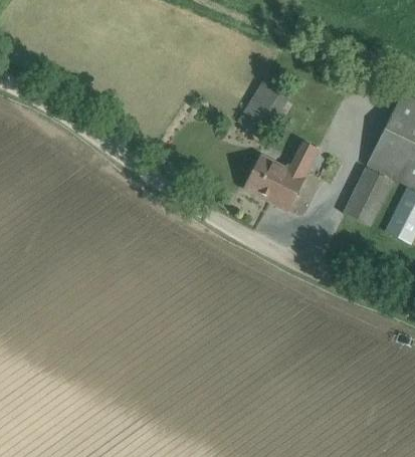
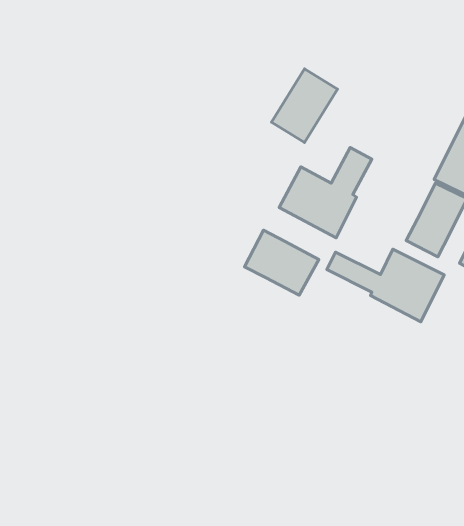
building: none -> [245,230,319,295]
building: none -> [327,249,444,322]

